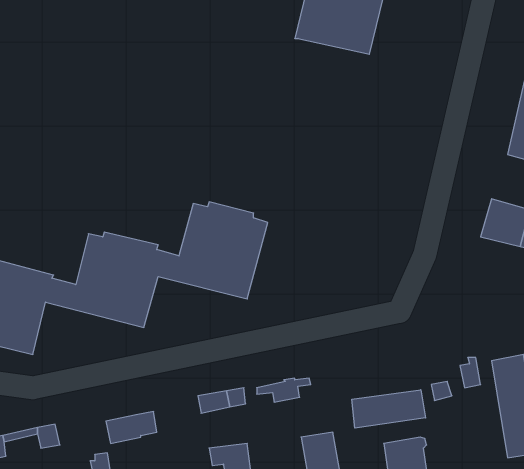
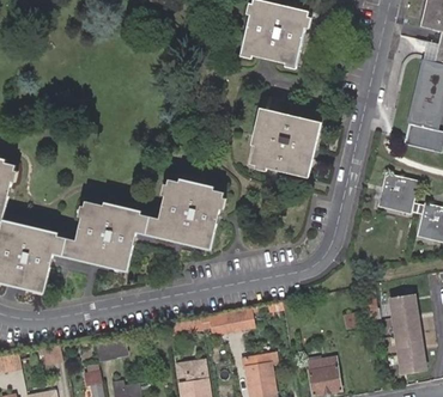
building: none -> [250,111,317,179]
building: [352,390,426,428] -> none

